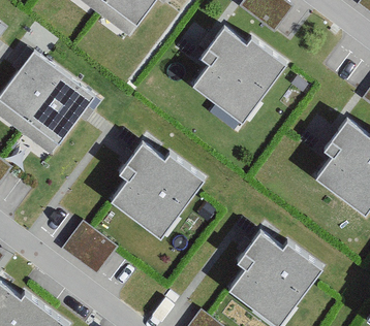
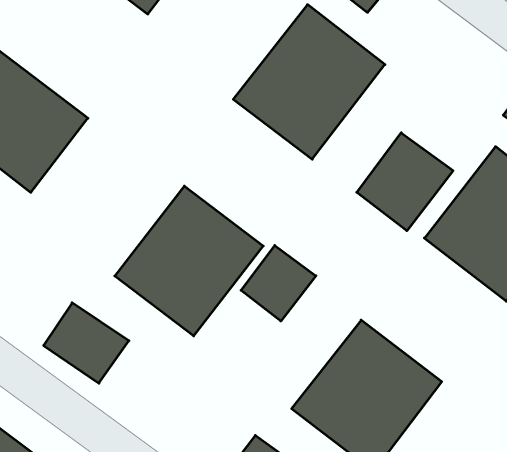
building: none -> [357,133,453,231]
building: none -> [241,245,316,321]

